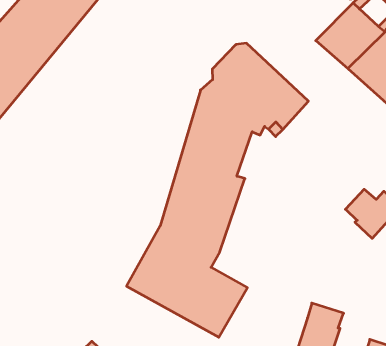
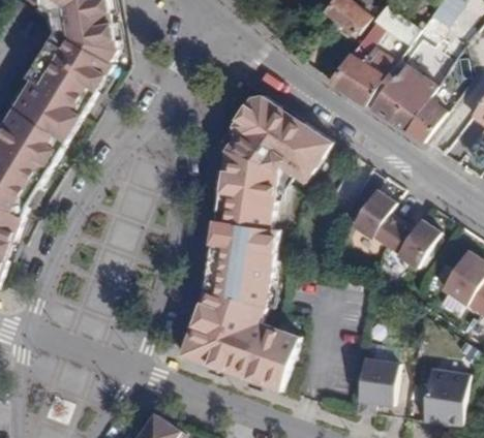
building: none -> [351,190,399,244]

